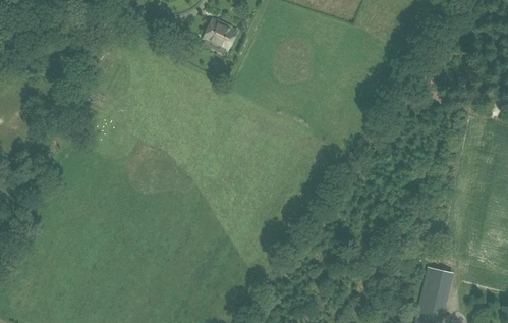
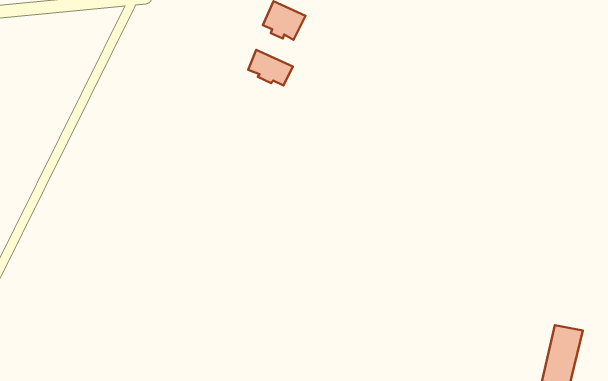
building: none -> [248,50,293,85]

